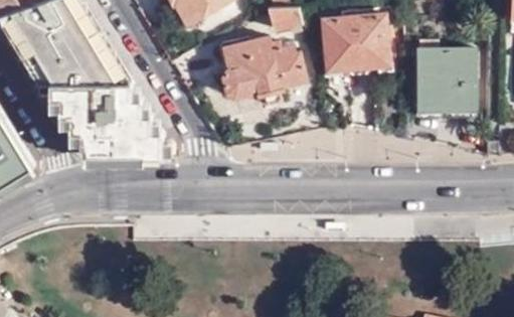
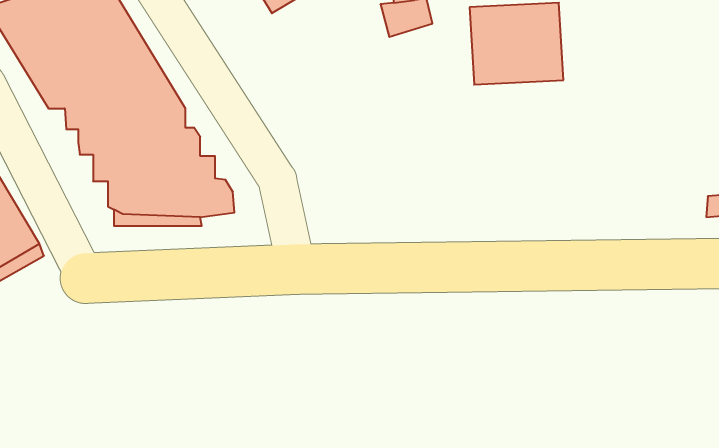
building: [217,37,303,104] -> none
building: [417,49,474,111] -> none

